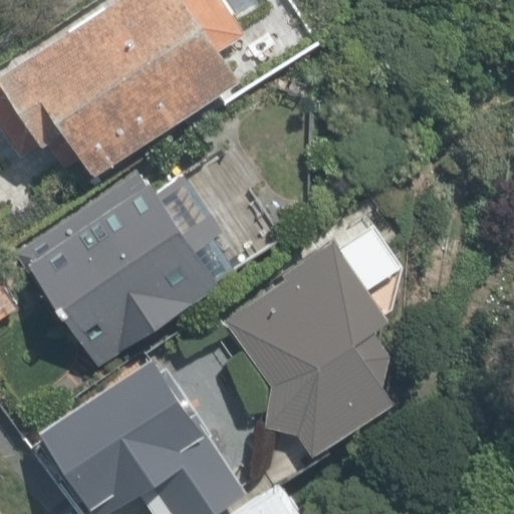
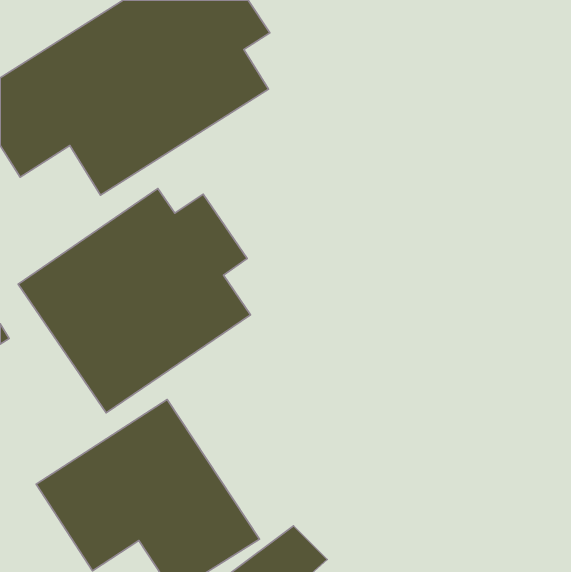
building: [226,233,384,447] -> none

